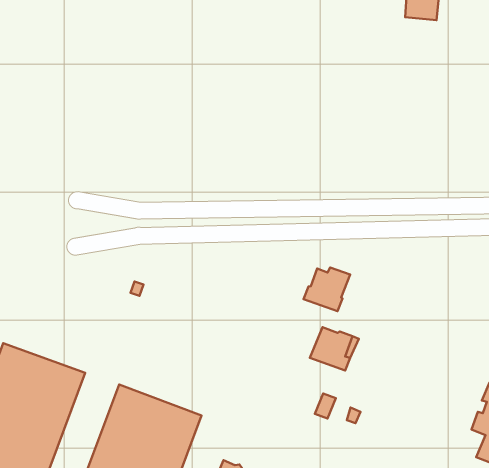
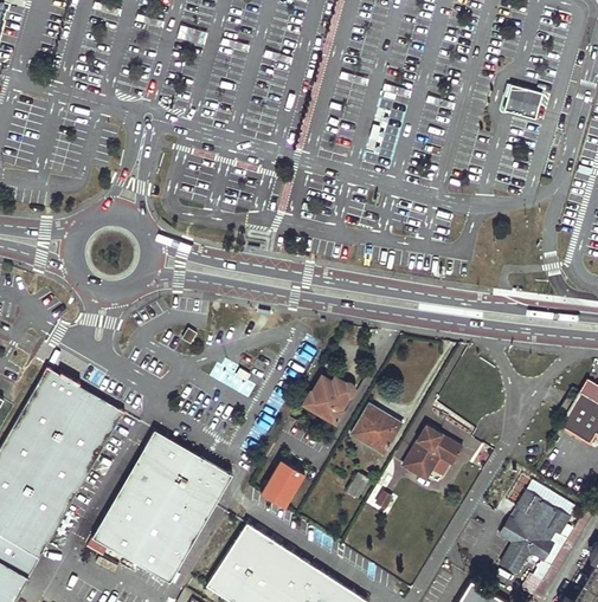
building: [304,267,350,311] -> [303,376,354,422]
building: none -> [403,426,463,479]
building: none -> [261,459,306,509]

